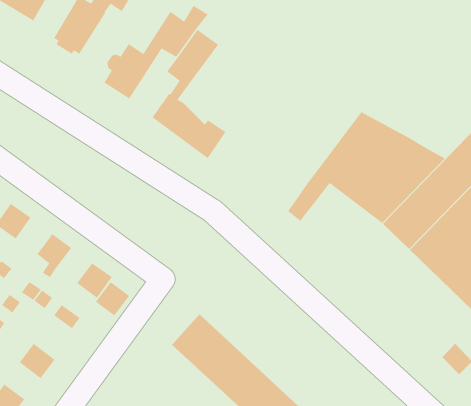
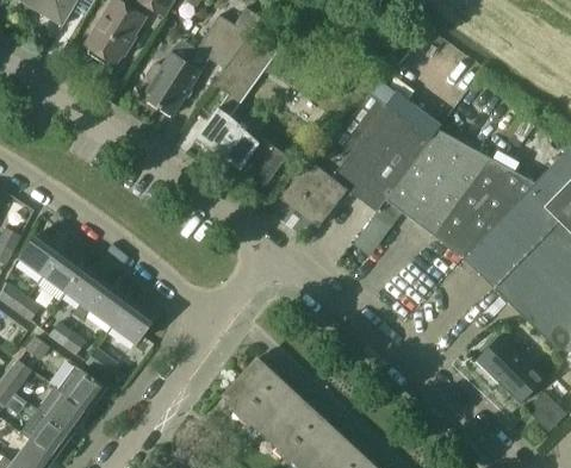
building: none -> [280,82,441,226]
building: none -> [43,250,85,292]
building: [95,281,130,317] -> [89,285,130,325]
building: none -> [476,333,546,404]
building: none -> [57,366,105,412]
building: none -> [30,416,72,457]

